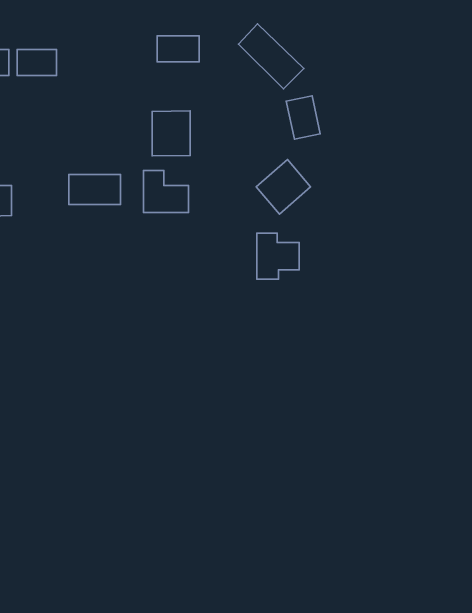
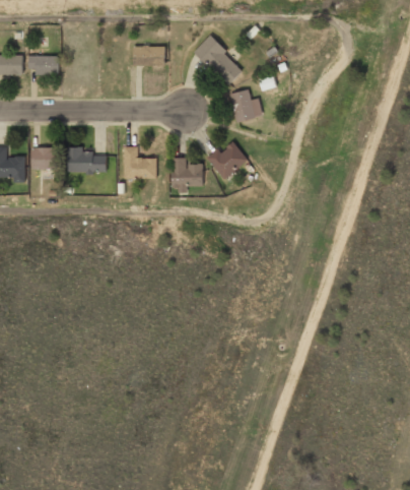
building: [152,111,190,156] -> none
building: none -> [30,147,58,169]
building: [257,233,299,279] -> [172,158,203,192]

